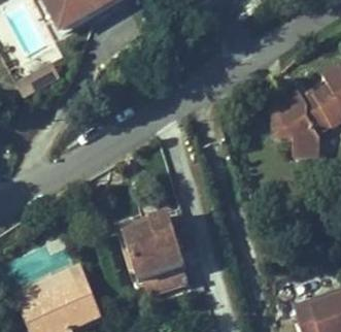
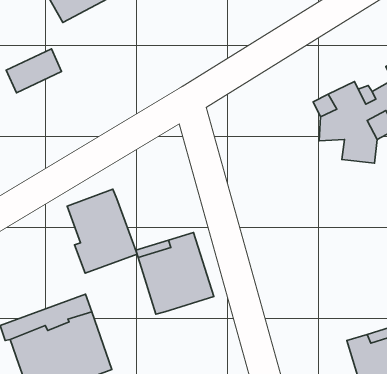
building: none -> [67,189,137,273]
building: [144,262,191,295] -> none

